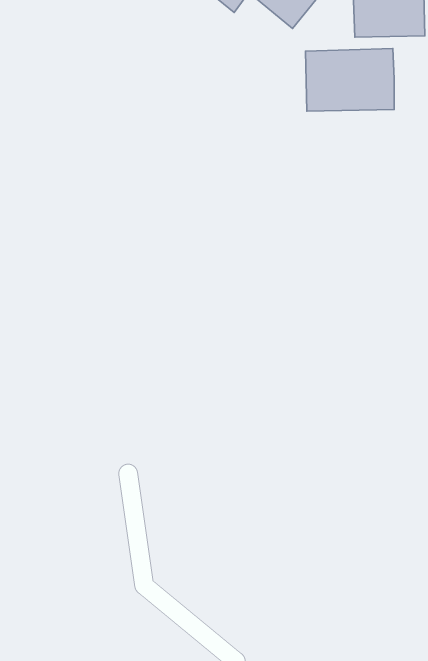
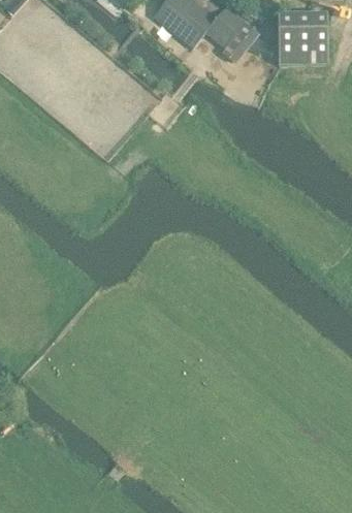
building: [306,48,394,111] -> none

